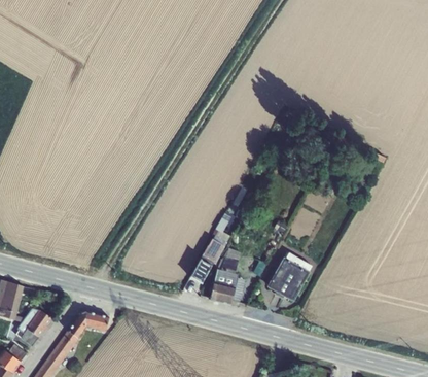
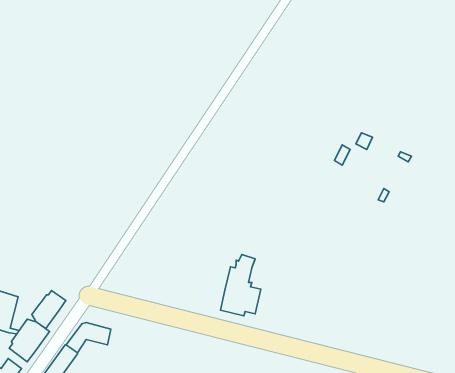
building: [189,224,230,284] -> none
building: [266,252,311,302] -> none
building: none -> [32,291,66,328]

